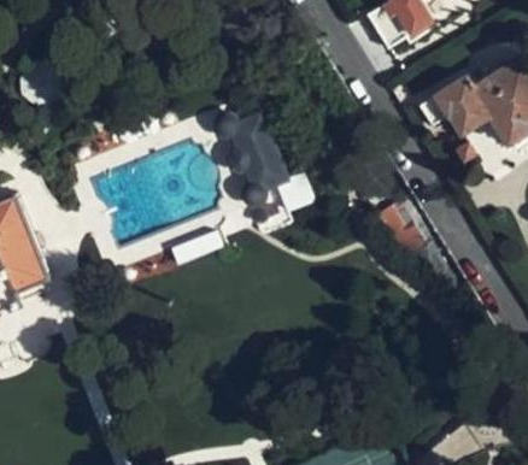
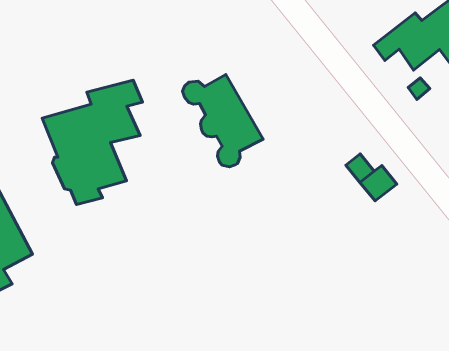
building: none -> [42,80,143,204]

